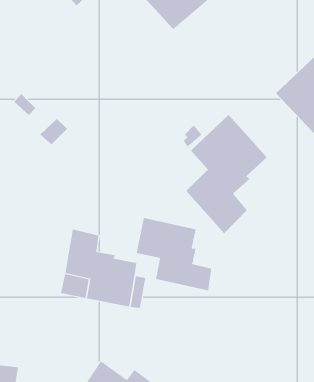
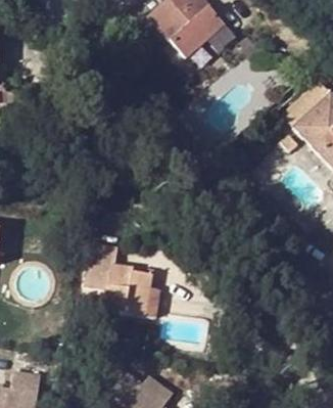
building: [185,114,267,234] -> none
building: [136,217,212,291] -> none

